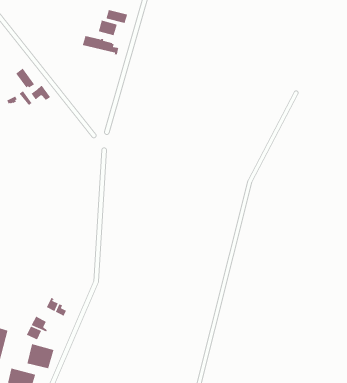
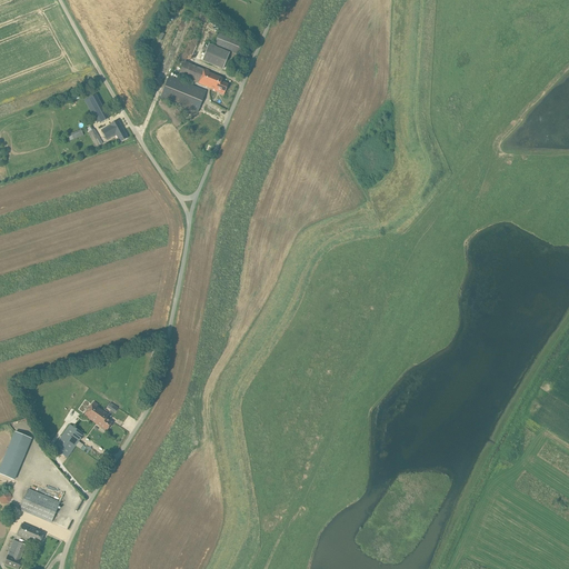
building: none -> [159,76,204,111]
building: [27,343,54,369] -> none

